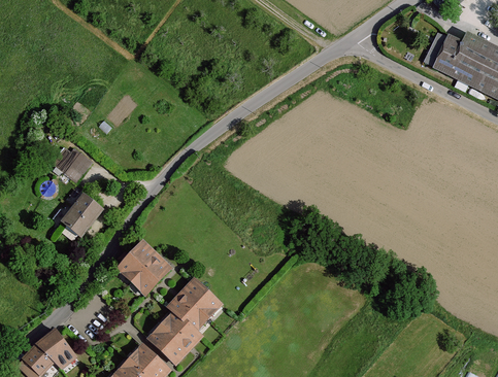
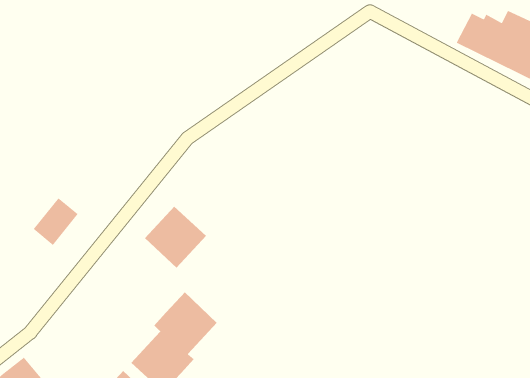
building: [55,148,93,181] -> none
building: [117,240,170,294] -> [144,206,207,269]

